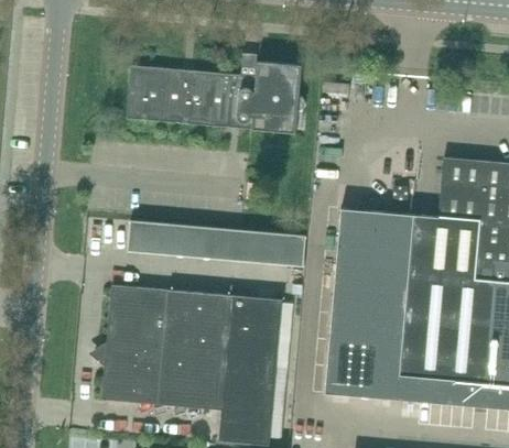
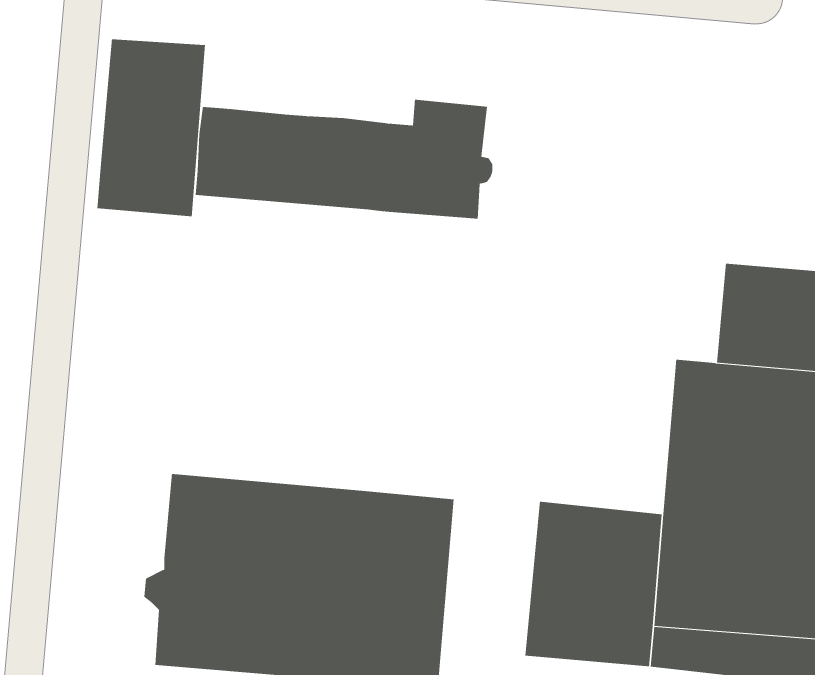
building: none -> [97,38,206,217]
building: [333,209,414,309] -> none
building: [134,212,314,277] -> none

